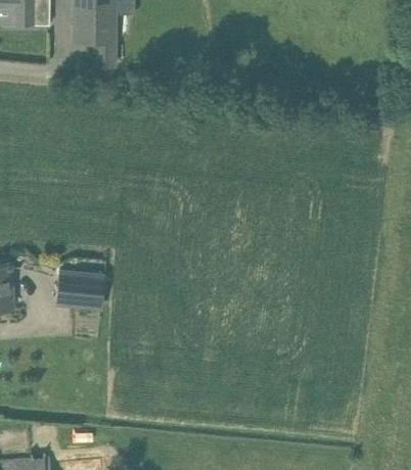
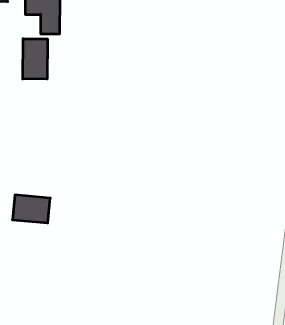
building: none -> [23,39,47,79]

